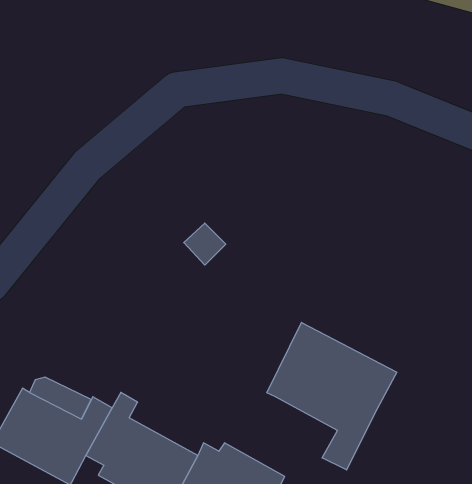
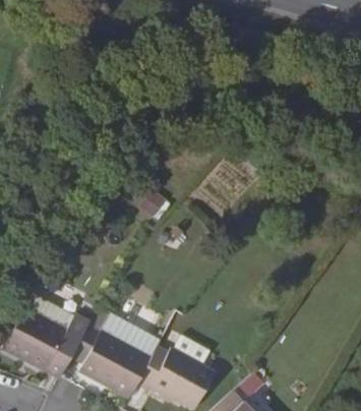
building: [267,322,397,470] -> none
building: none -> [102,311,161,356]

